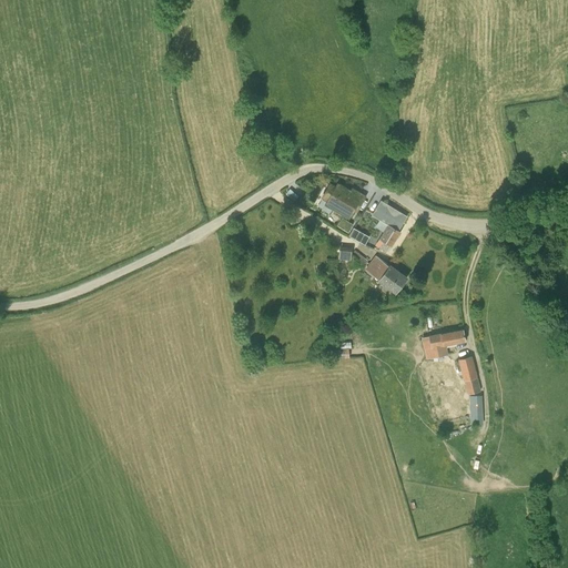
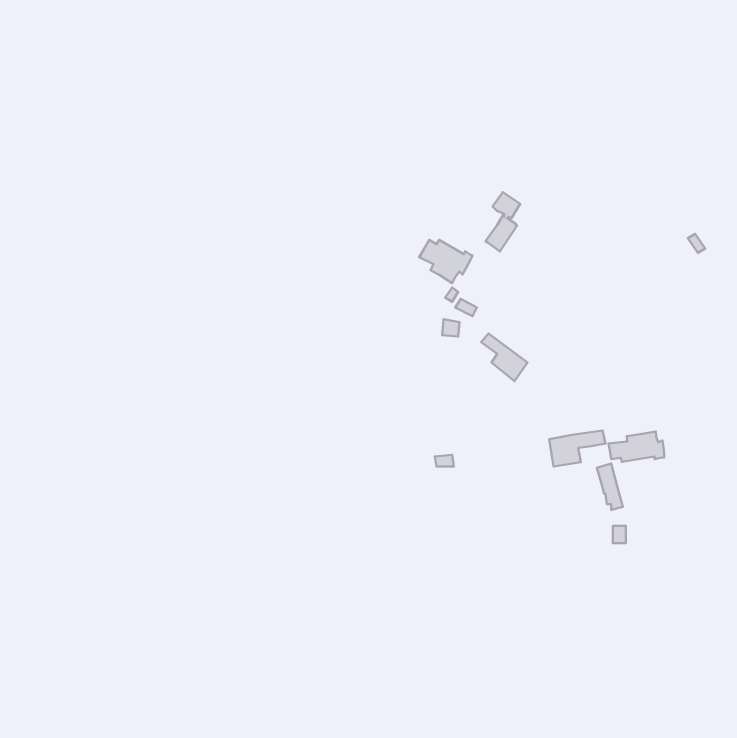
building: [374,206,400,252] -> [485,192,520,251]
building: none -> [609,431,664,462]

